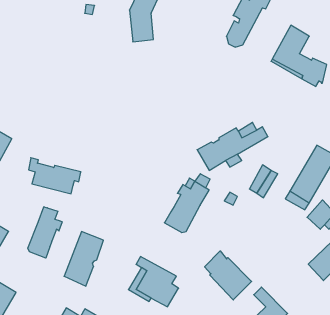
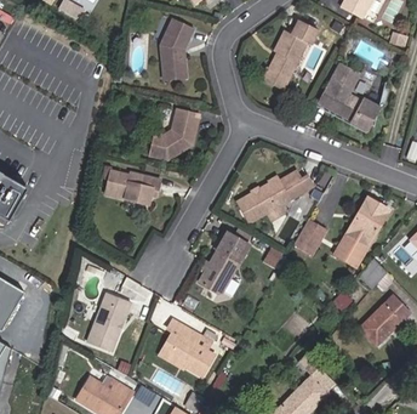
building: none -> [148,108,199,159]
building: [29,158,81,194] -> [101,164,159,204]
building: [28,207,62,258] -> none
building: [205,251,252,300] -> none

